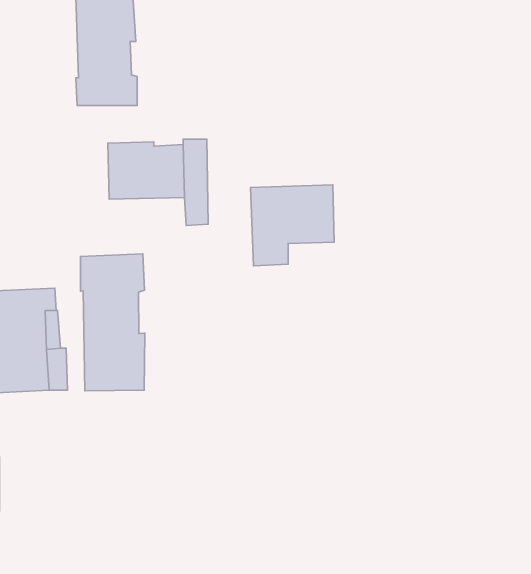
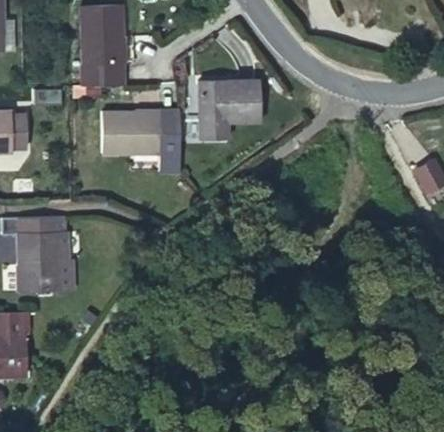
building: [251,185,334,266] -> [199,80,259,138]
building: [80,254,145,391] -> none

